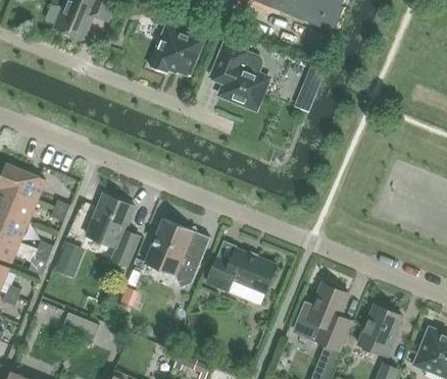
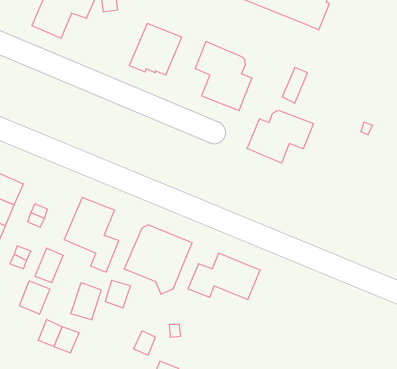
building: none -> [247,111,314,163]
building: none -> [19,281,50,314]
building: none -> [71,283,101,320]
building: [292,284,351,351] -> none
building: [356,305,401,357] -> none

